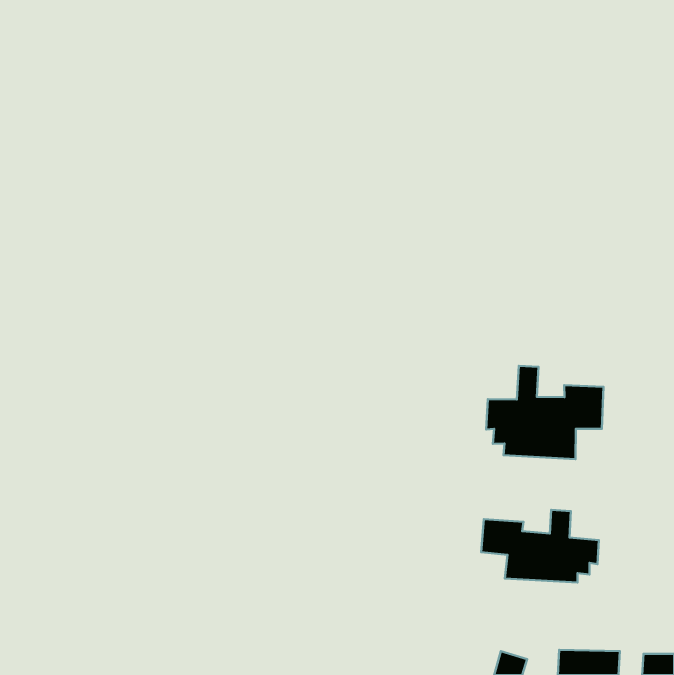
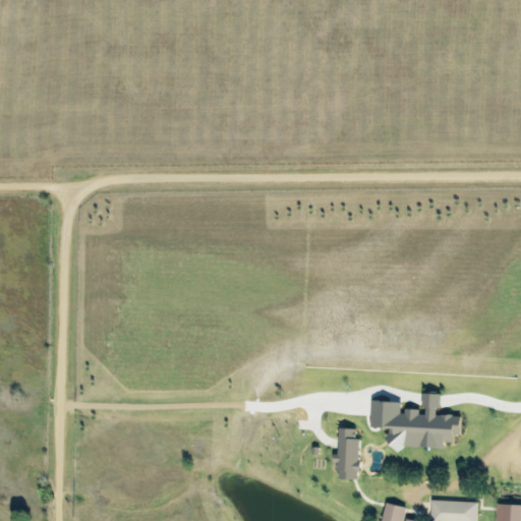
building: [486,366,603,459] -> none
building: none -> [336,427,359,478]

